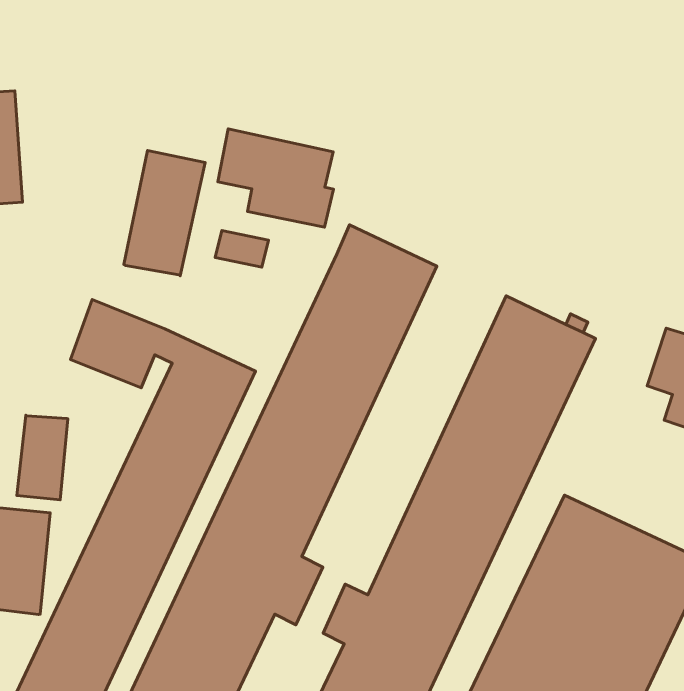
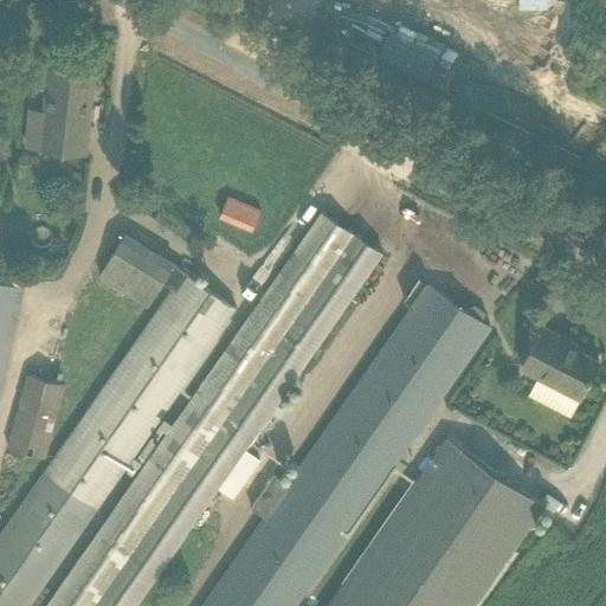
building: [218,129,334,227] -> none
building: [124,150,205,276] -> none
building: [17,415,68,500] -> none

